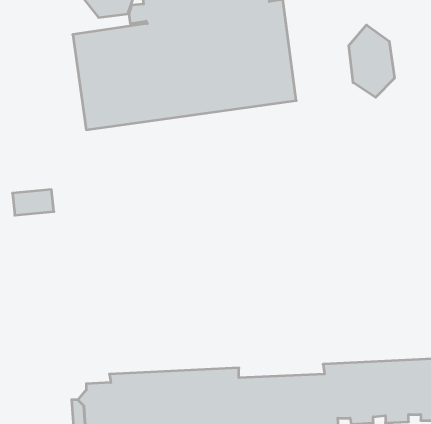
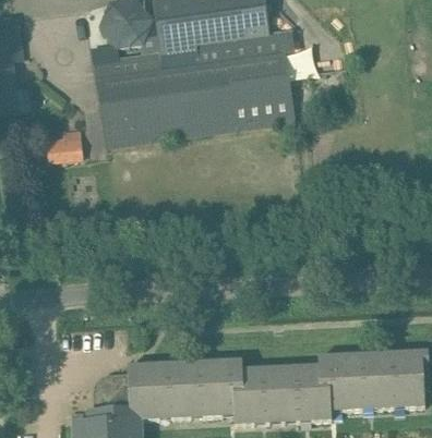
building: [349,25,394,97] -> none
building: [12,190,54,215] -> [46,136,83,159]

